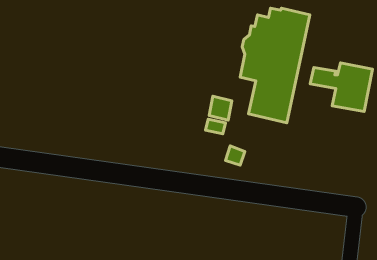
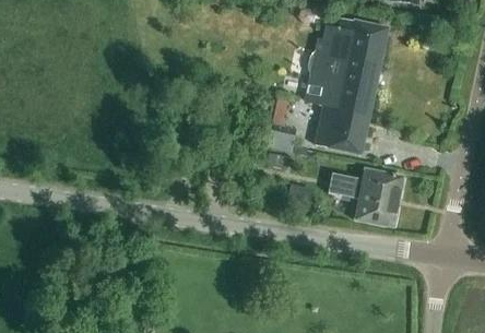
building: [310,63,372,111] -> [328,169,402,227]

